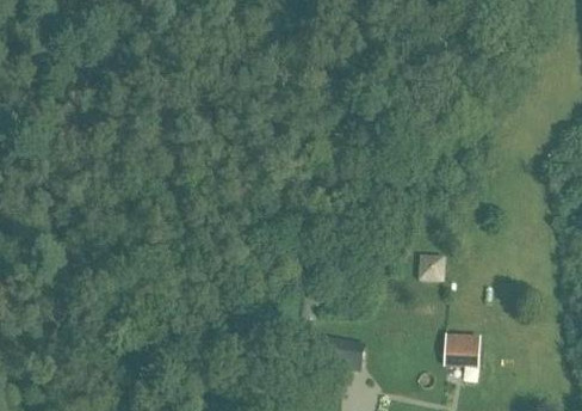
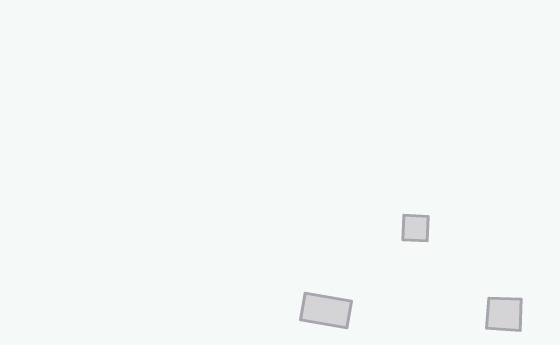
building: [444,335,479,368] -> [486,298,521,331]

